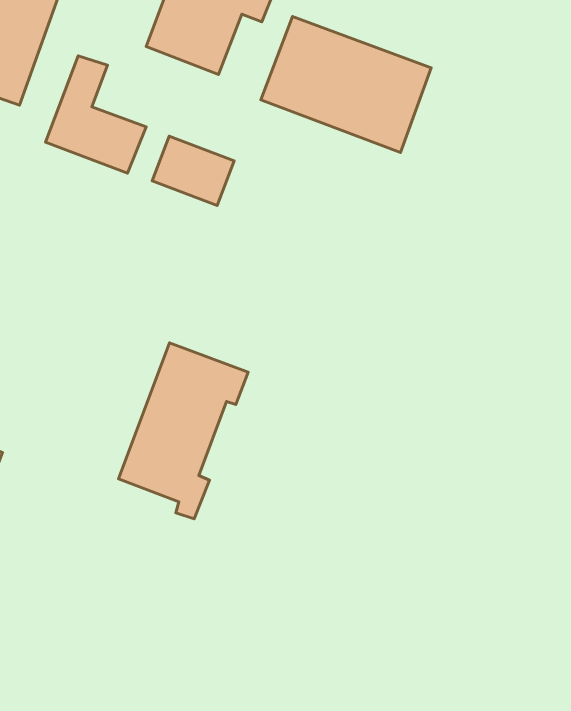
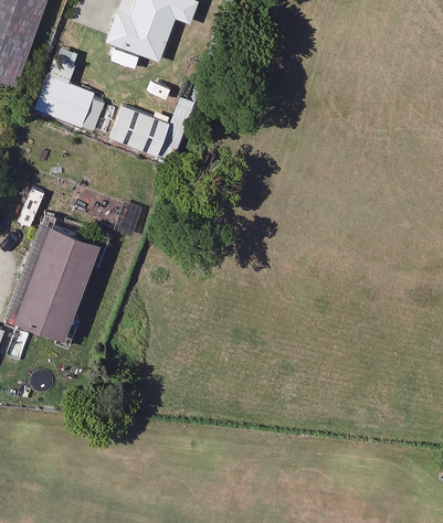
building: [261,16,431,153] -> none
building: [119,343,248,519] -> [14,221,107,346]

